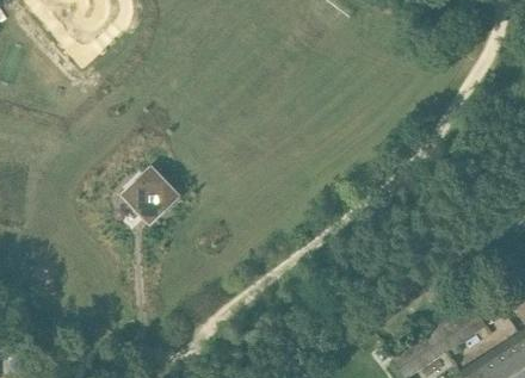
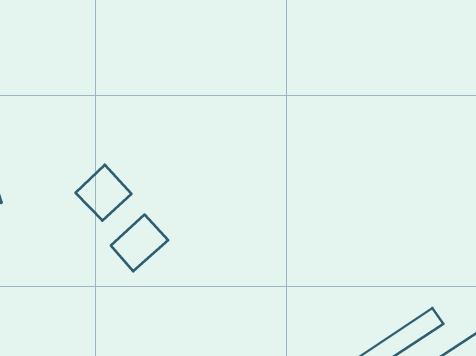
building: none -> [111,215,168,271]

